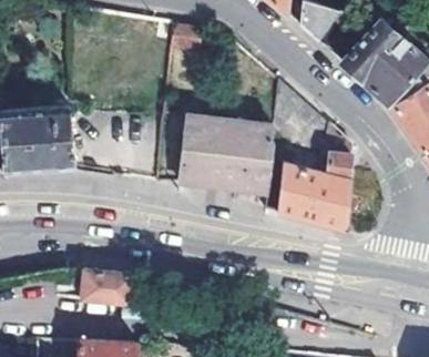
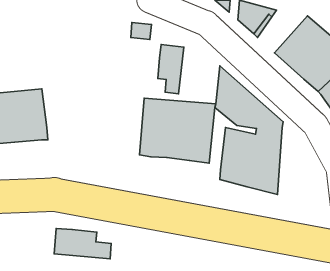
building: none -> [158,44,184,94]

